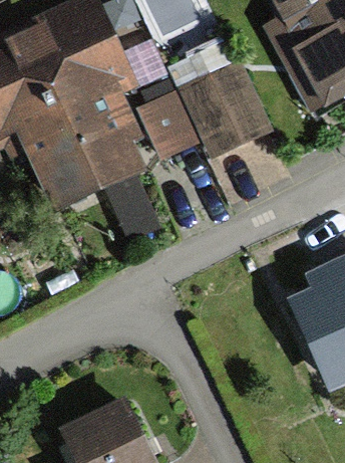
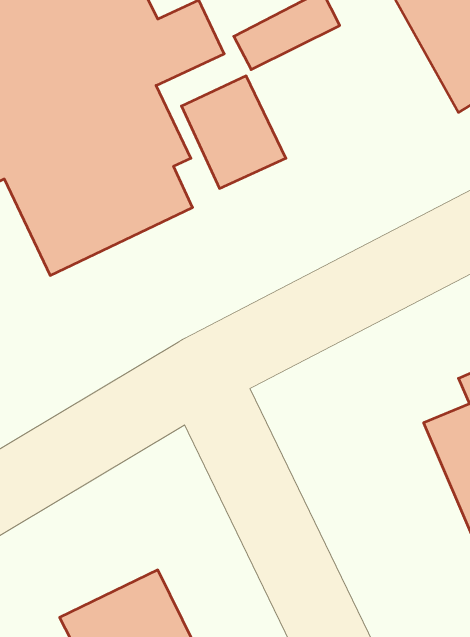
building: [180,54,277,156] -> none

